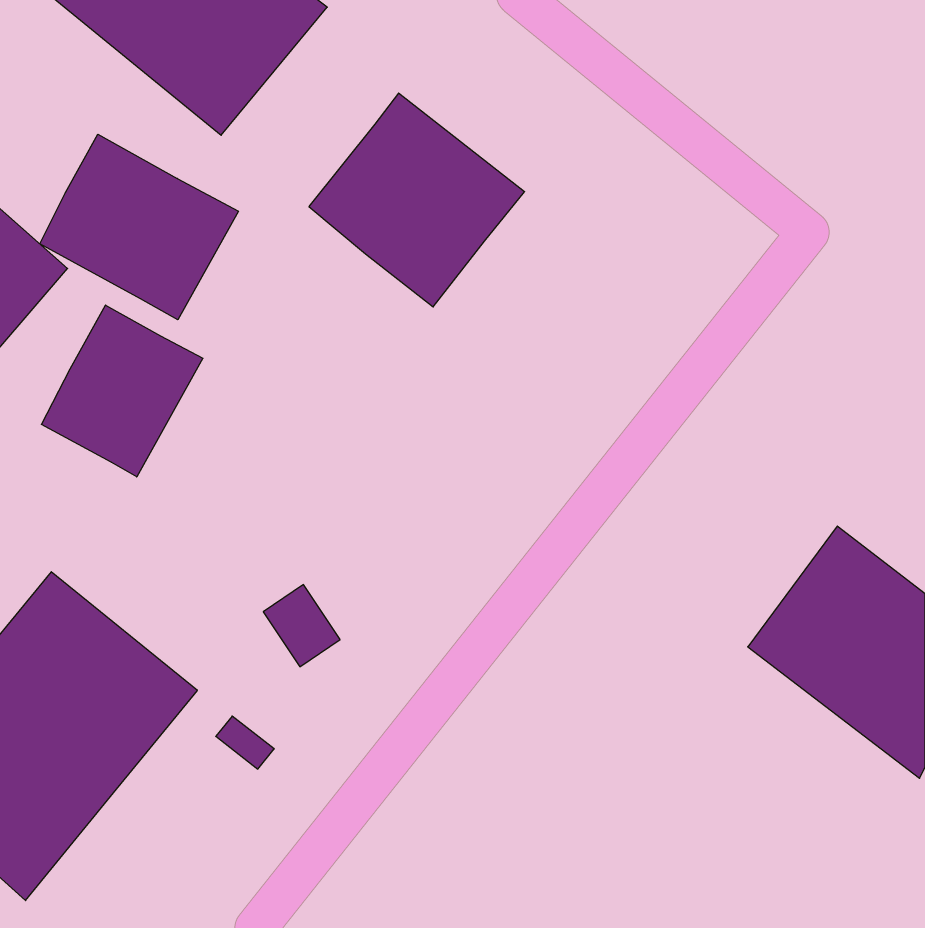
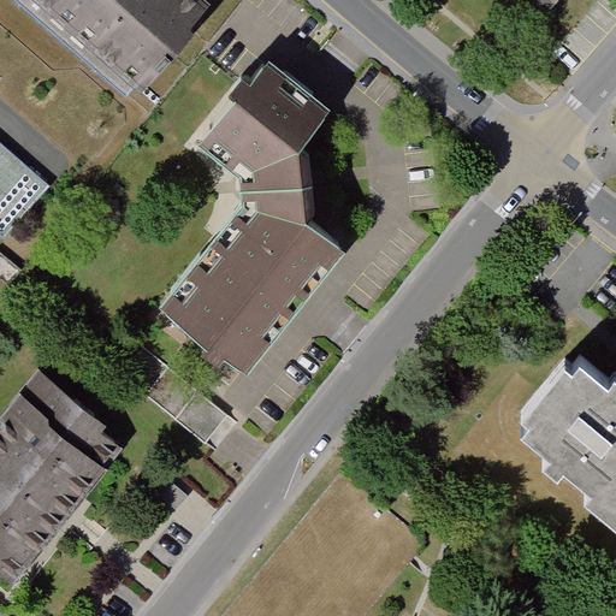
building: [40,134,238,320] -> none
building: none -> [162,159,326,368]
building: [41,305,203,477] -> none

